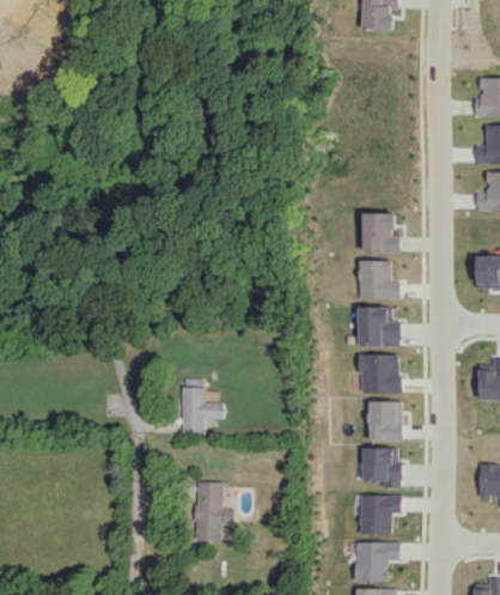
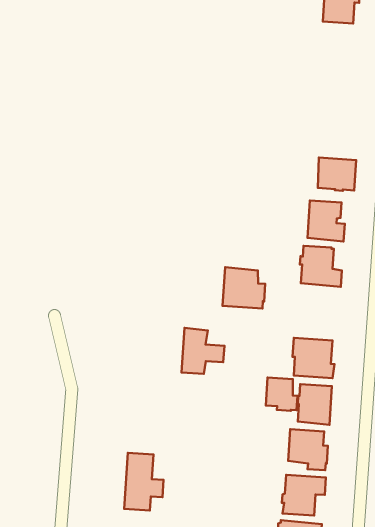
building: none -> [318,158,356,191]
building: [359,306,401,346] -> [223,267,265,308]
building: [182,387,224,432] -> [181,328,224,374]
building: none -> [266,377,298,411]

